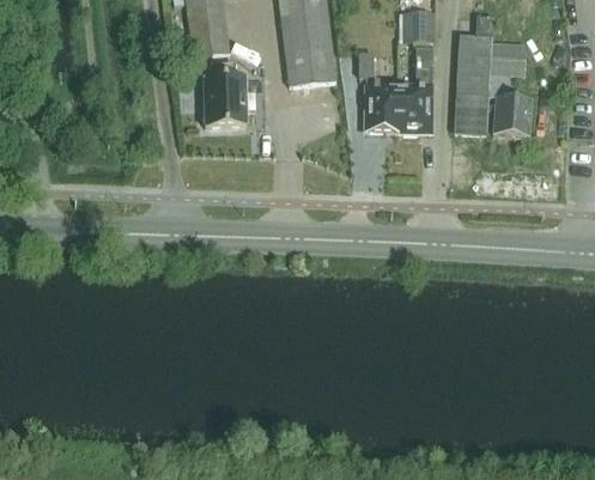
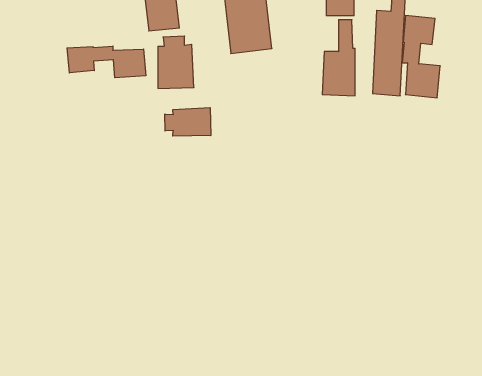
building: [358,51,397,133] -> none
building: none -> [67,46,146,78]
building: none -> [165,108,211,136]

